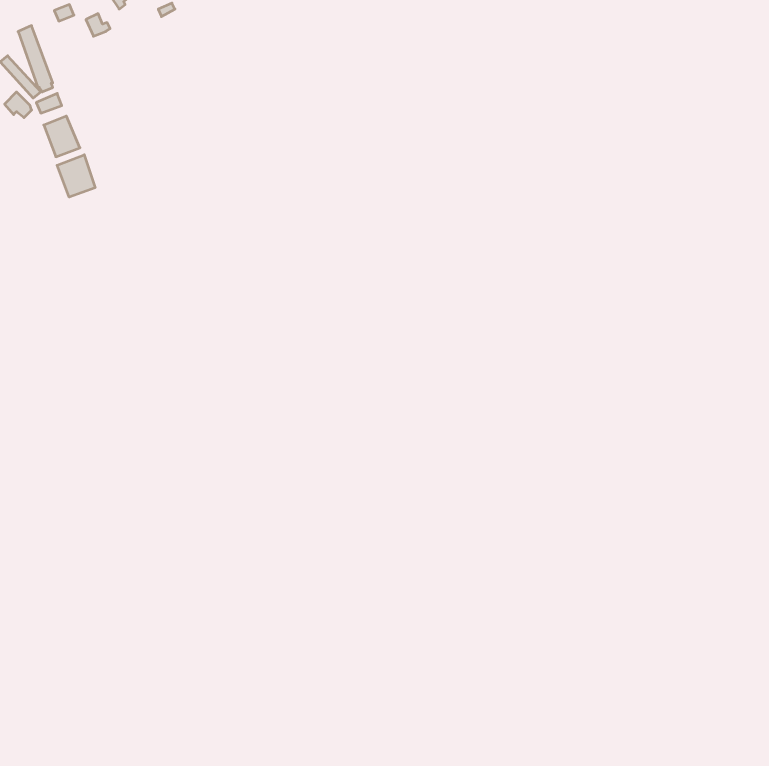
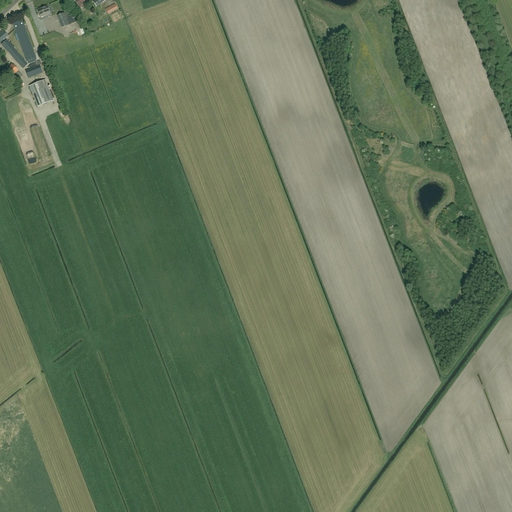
building: [57,155,95,197] -> none

